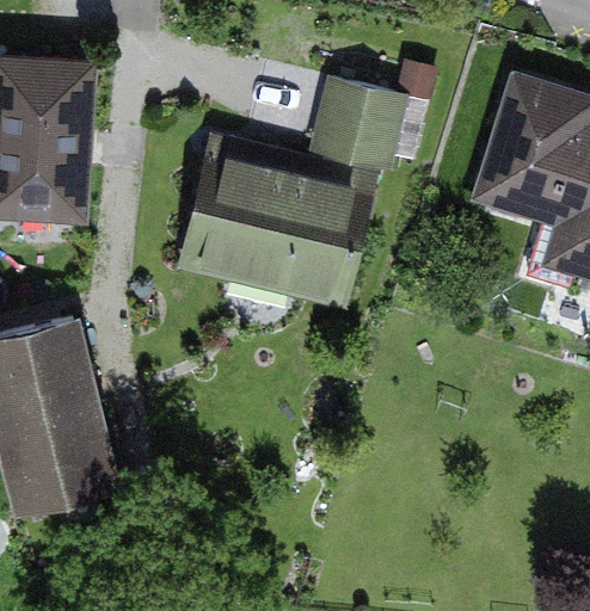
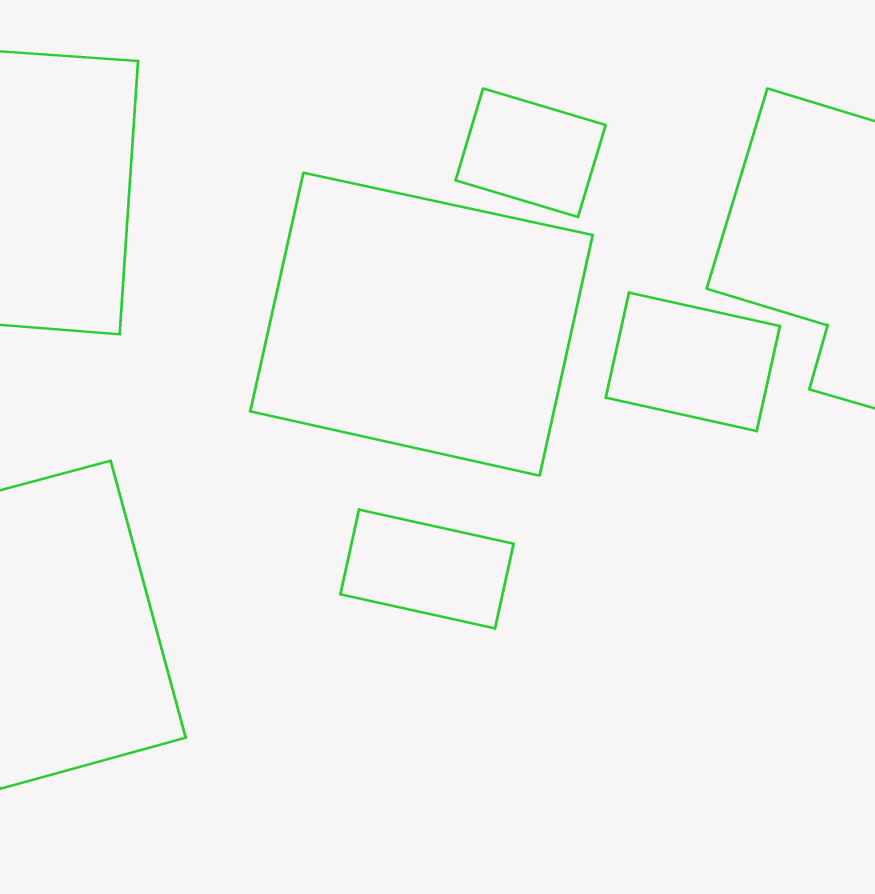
building: none -> [606,292,780,431]
building: none -> [340,509,514,629]

